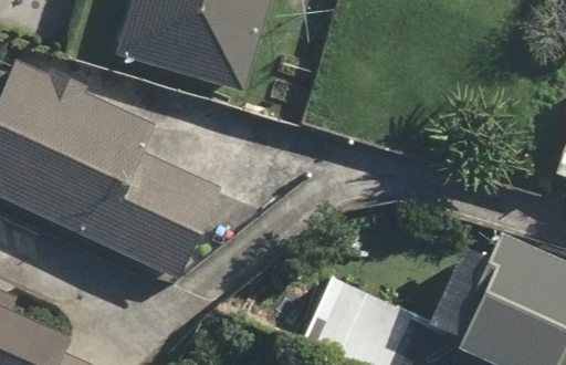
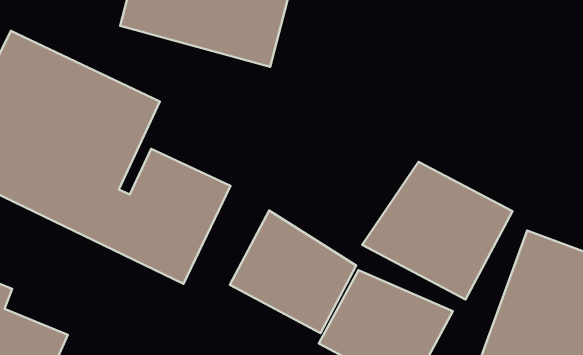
building: none -> [362,162,513,300]
building: none -> [230,210,356,333]

